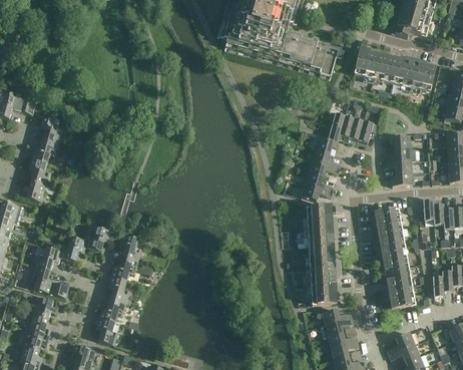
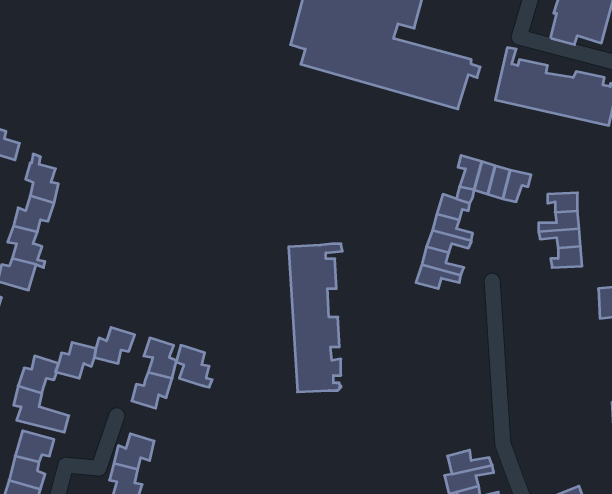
building: [306,206,342,305] -> [289,244,342,392]
building: [371,208,416,308] -> none
building: [107,276,131,304] -> [176,345,212,387]

